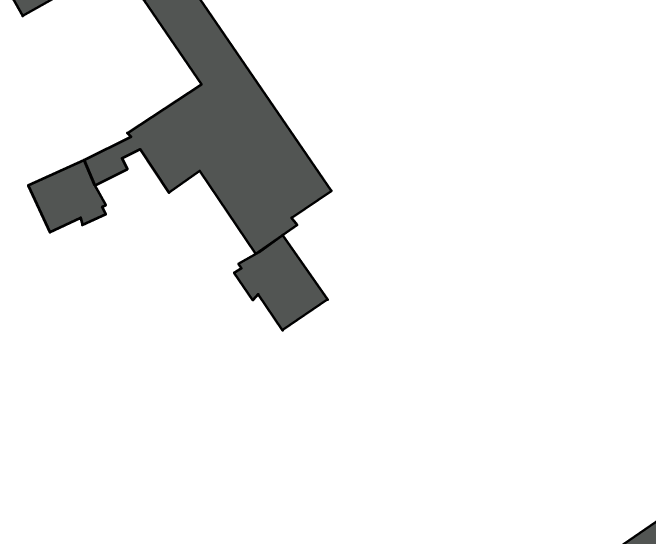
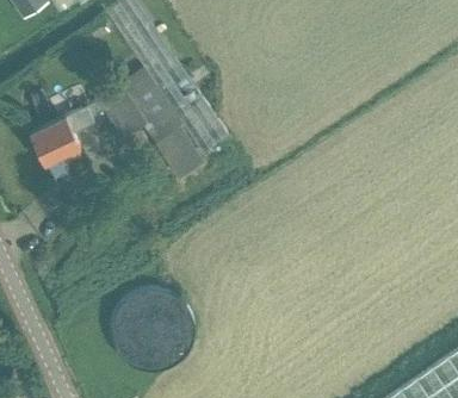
building: [234,235,328,330] -> none

